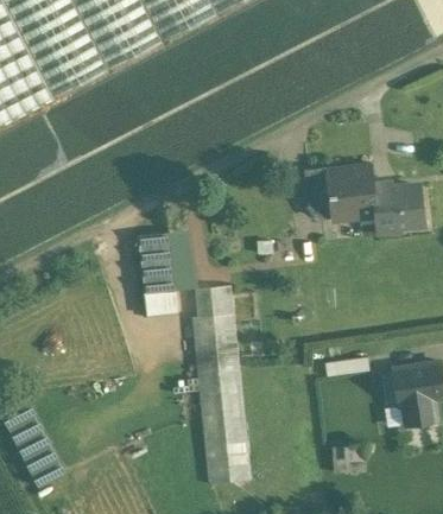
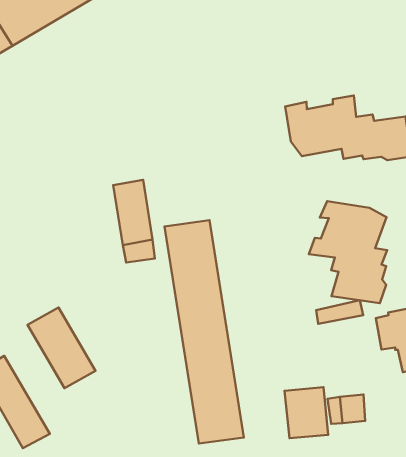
building: none -> [309,201,387,303]
building: none -> [27,308,96,388]
building: none -> [285,387,328,438]

